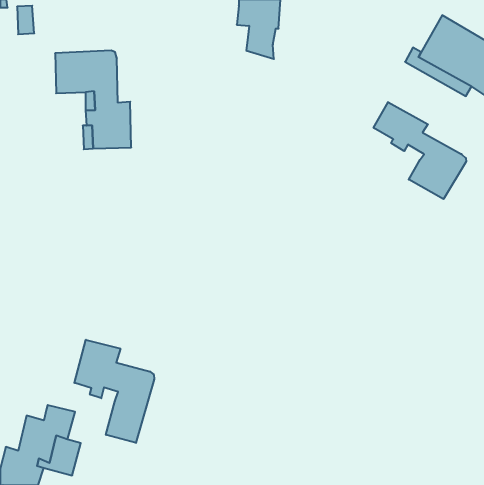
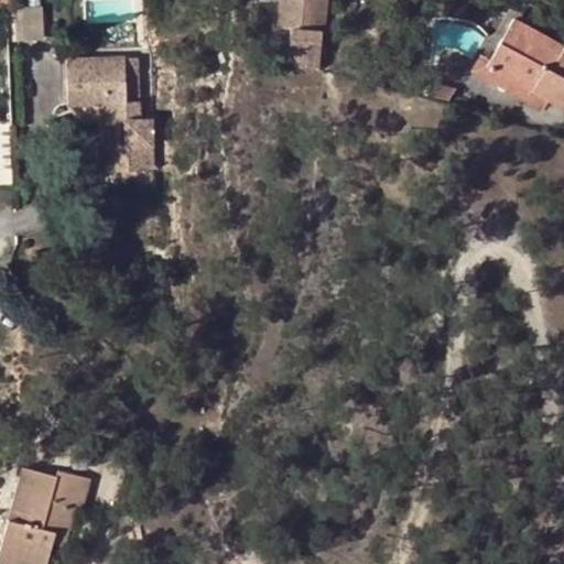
building: [374,102,466,199] -> none
building: [74,340,154,443] -> none
building: none -> [9,466,56,522]

